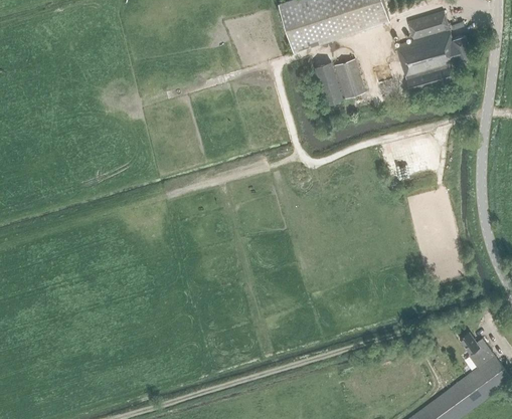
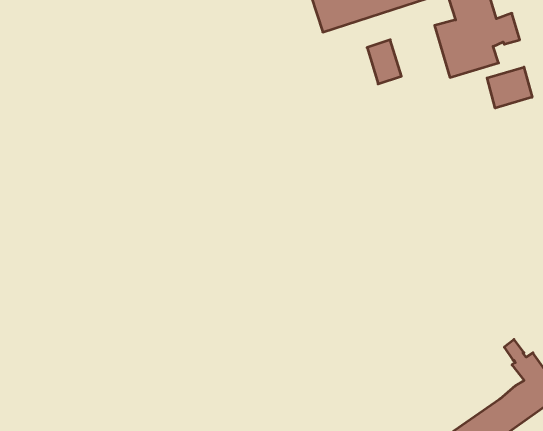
building: [313,62,342,106] -> none
building: none -> [487,67,532,108]

